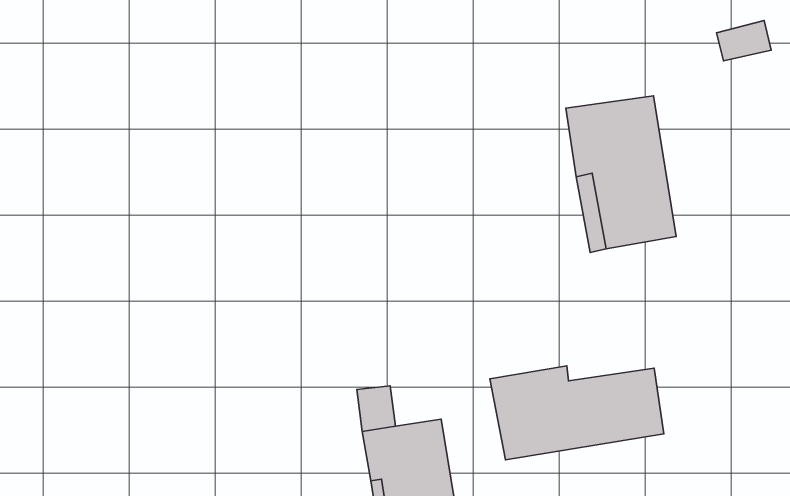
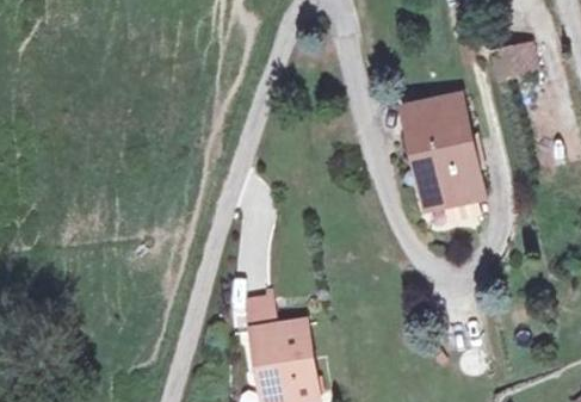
building: [490,366,664,460] -> none

